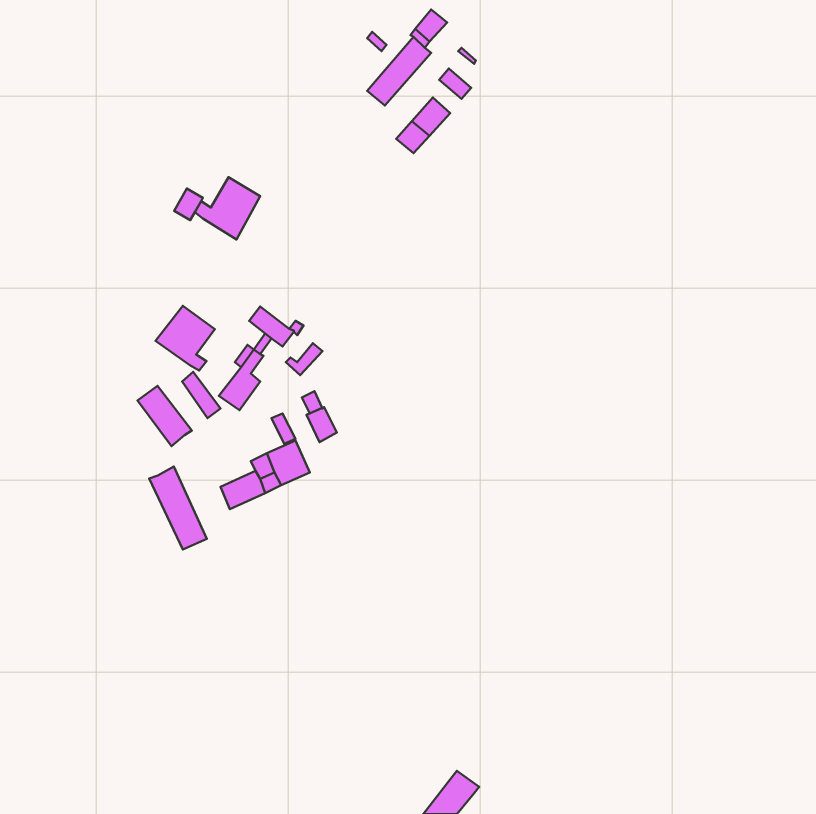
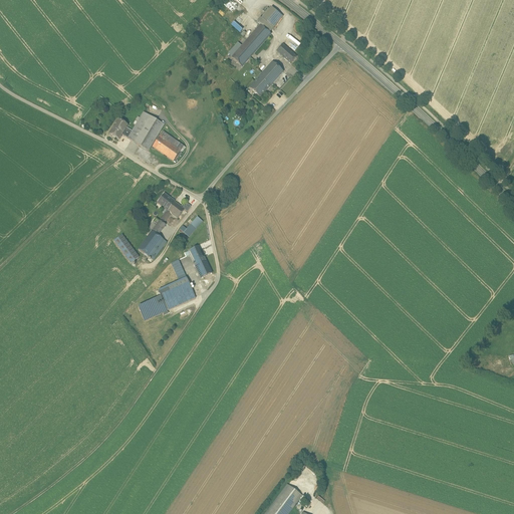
building: none -> [153,131,184,161]
building: [155,306,215,370] -> none
building: [137,386,192,446] -> none
building: [149,467,207,549] -> none

